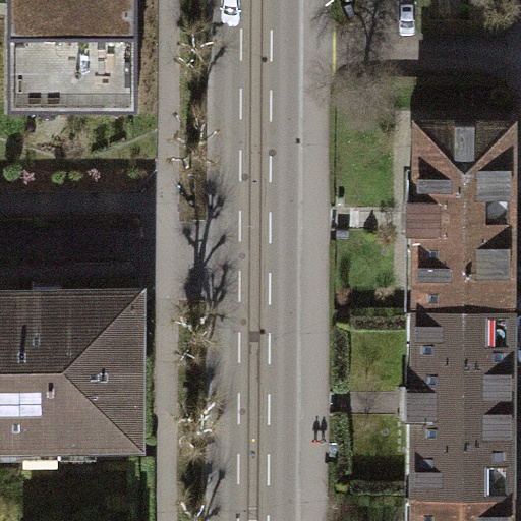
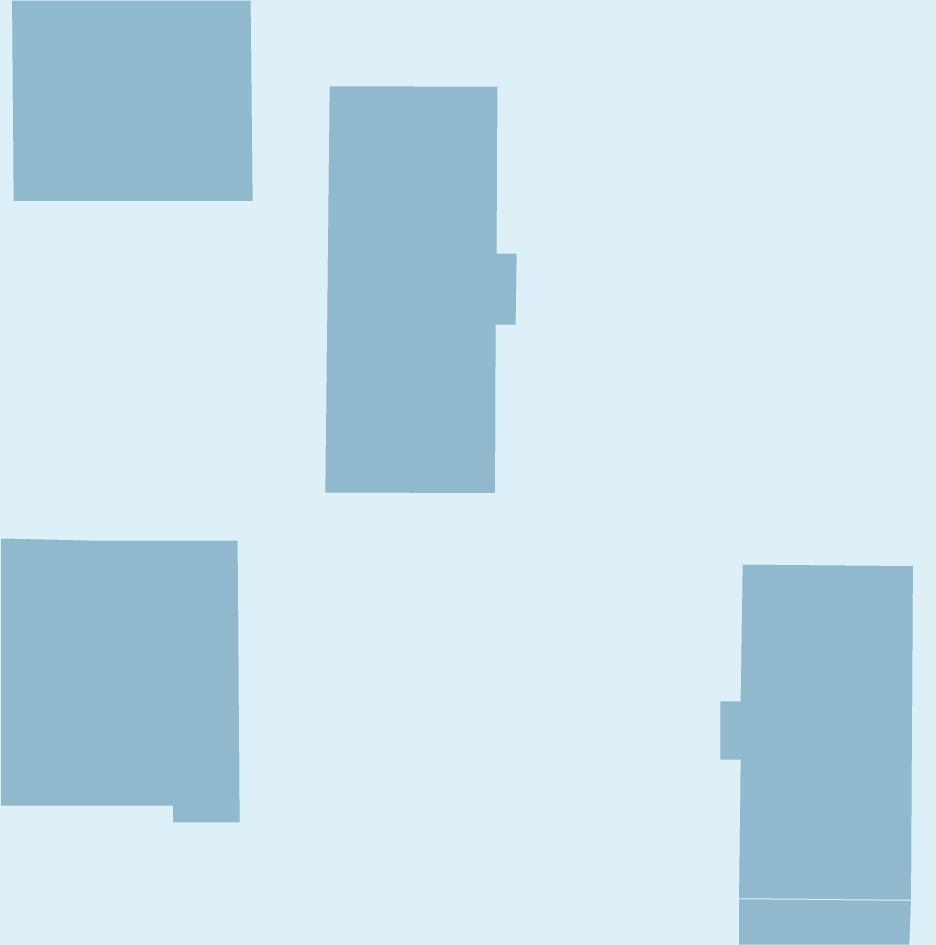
building: none -> [325,86,517,494]
building: [402,122,510,311] -> none

